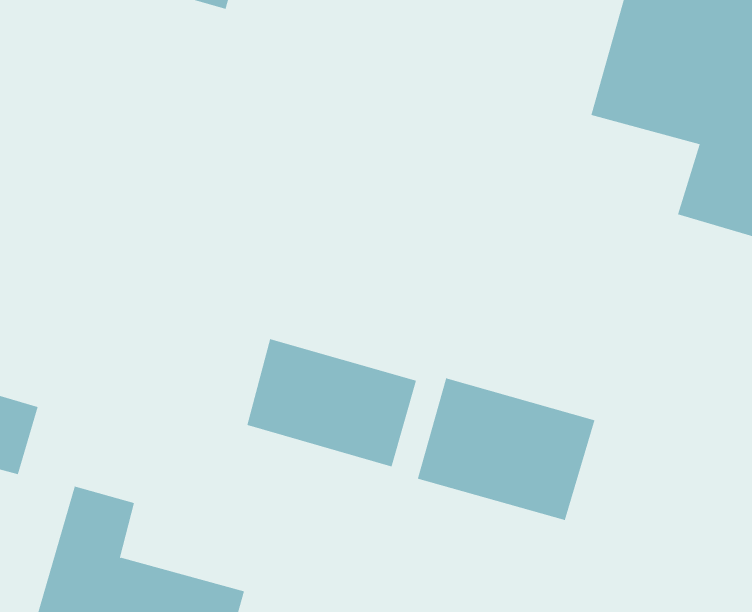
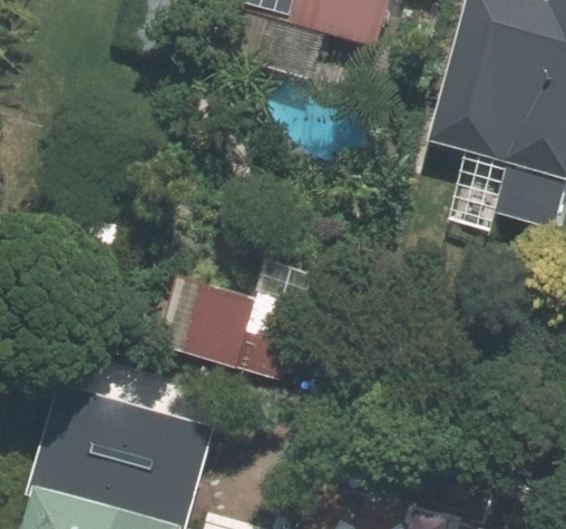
building: [417,377,595,521] -> none

